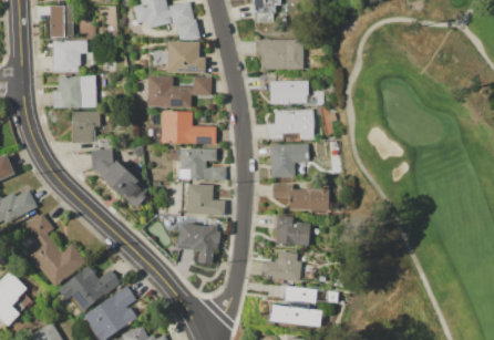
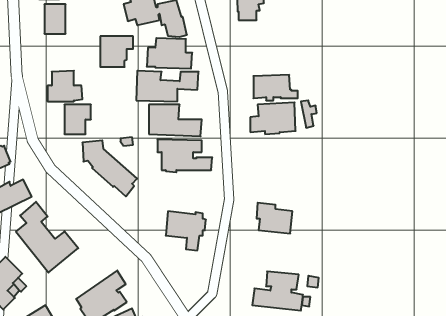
building: [256,39,303,69] -> none
building: [53,40,88,72] -> [100,36,133,67]
building: [270,144,295,177] -> none
building: [272,183,329,209] -> none
building: [187,184,225,215] -> none
building: [261,250,302,281] -> none
building: [58,265,121,309] -> none

